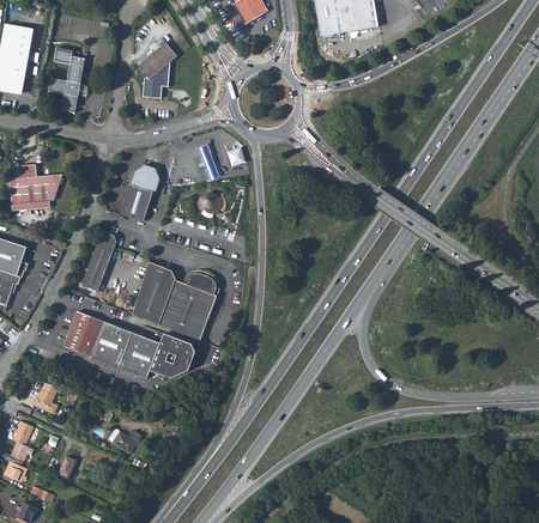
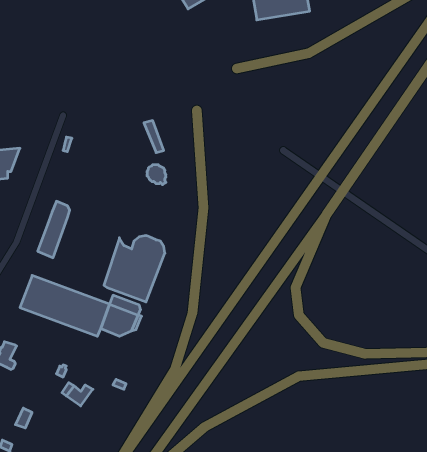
building: [137,42,176,98] -> none
building: [47,48,84,112] -> none
building: [117,165,157,221] -> none
building: [131,263,170,323] -> none

